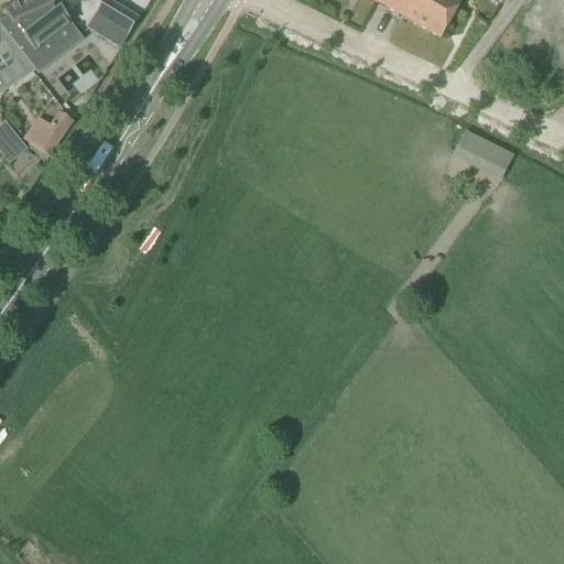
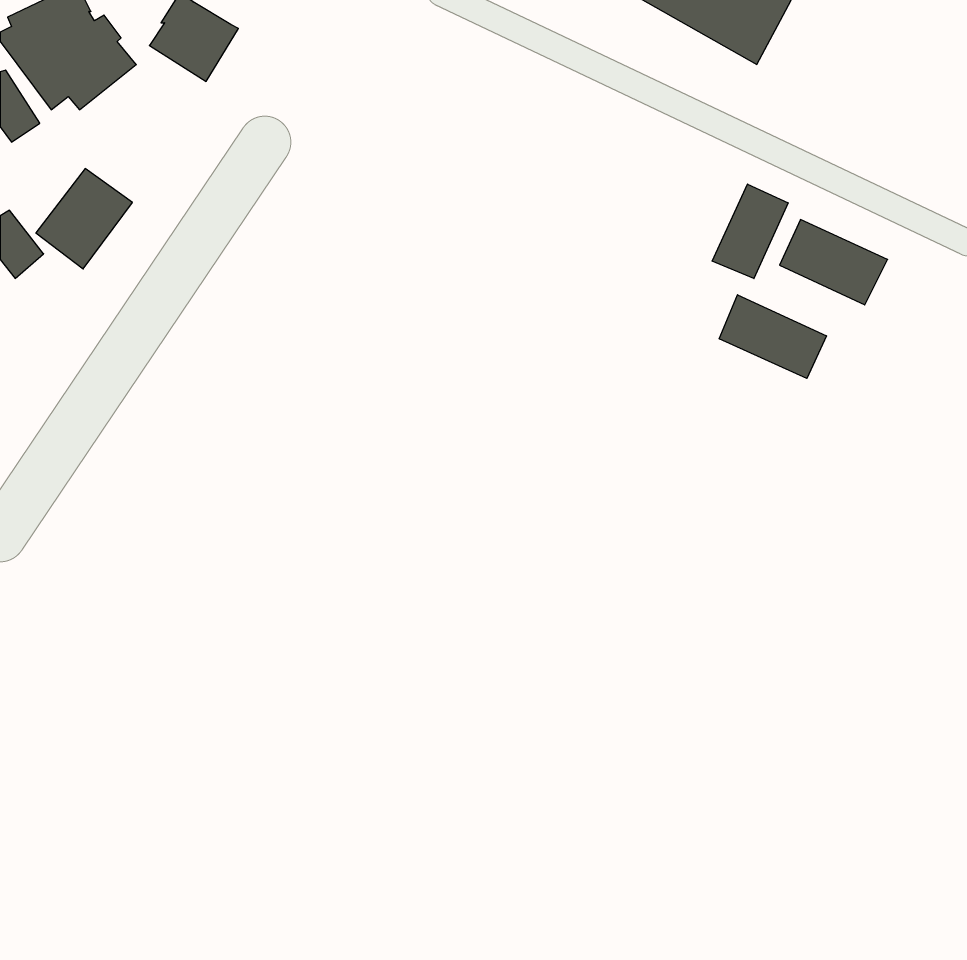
building: none -> [712,184,788,279]
building: none -> [719,295,826,378]

